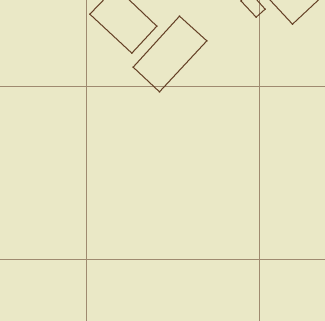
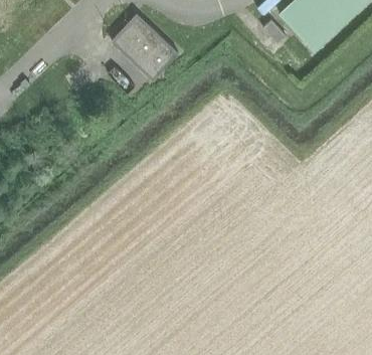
building: [133,16,207,92] -> none

